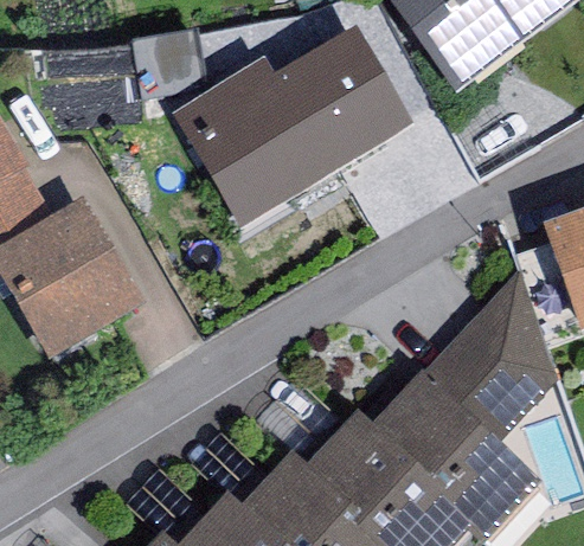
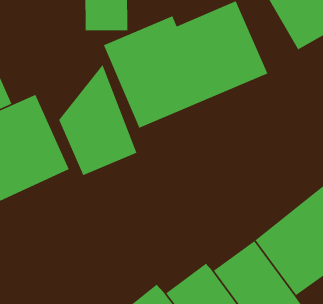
building: none -> [58,64,138,176]

